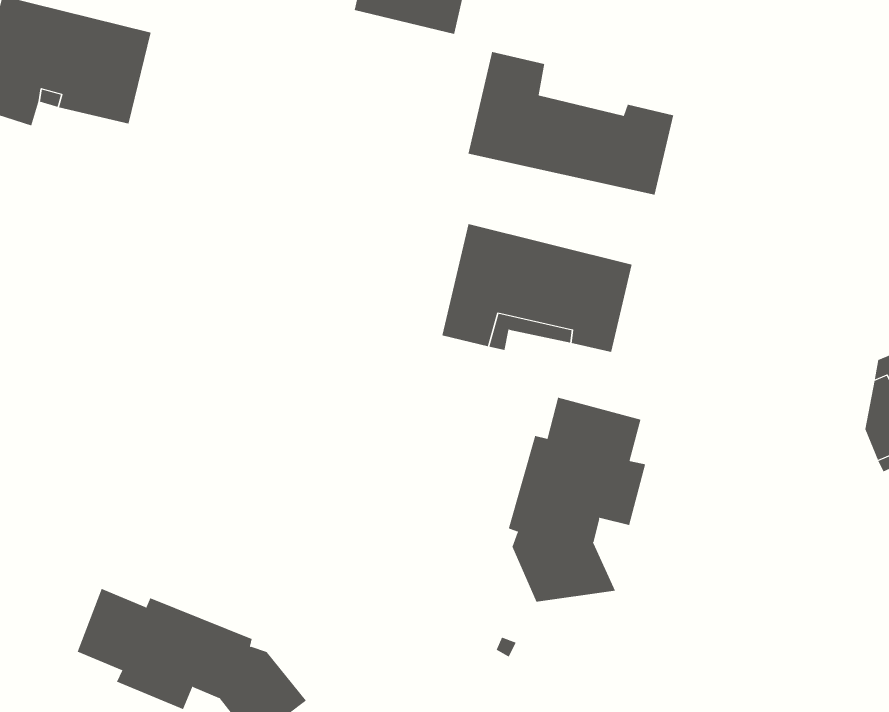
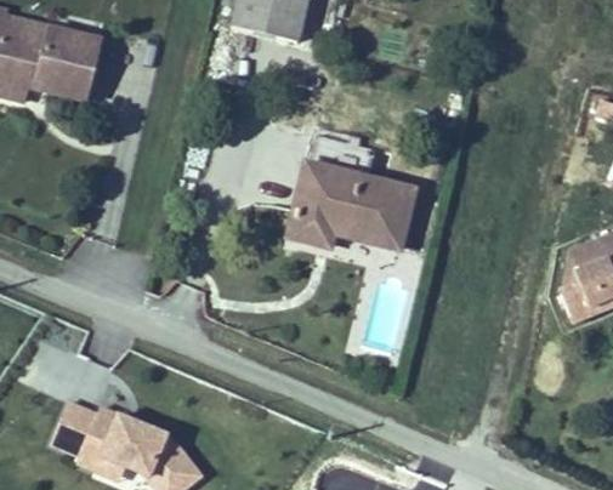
building: [468,51,674,195] -> none
building: [508,397,646,603] -> none

